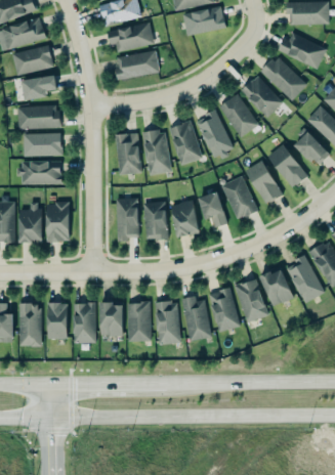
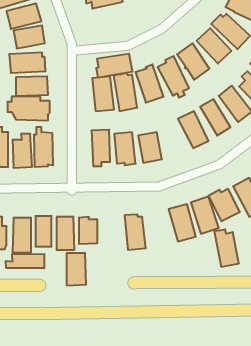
building: [116,51,160,80] -> [96,54,133,78]
building: [200,192,226,227] -> none
building: [180,296,210,341] -> [214,229,239,267]
building: [128,303,152,342] -> [67,253,86,285]
building: none -> [6,254,44,268]

